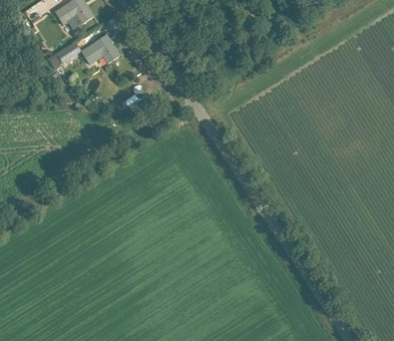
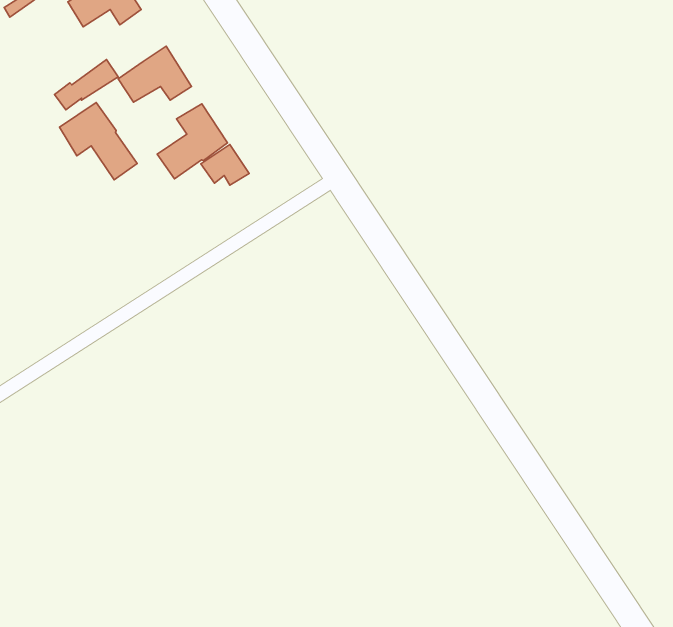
building: none -> [59,103,137,180]
building: none -> [157,104,228,179]

